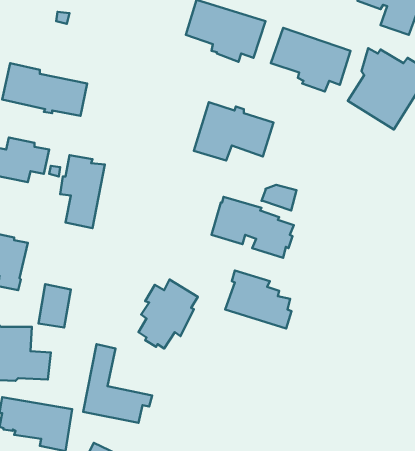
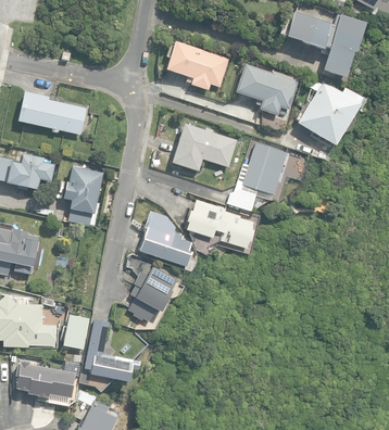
building: none -> [242,142,287,194]
building: [225,270,291,329] -> [139,219,192,266]
building: [38,284,71,327] -> [63,314,89,349]

